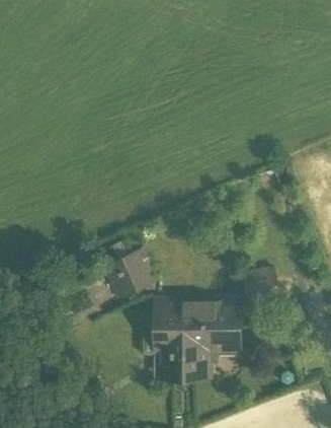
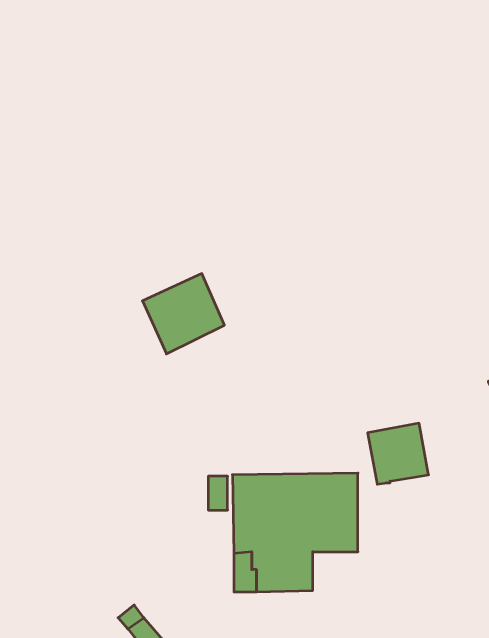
building: [104,249,156,300] -> [142,274,224,354]

